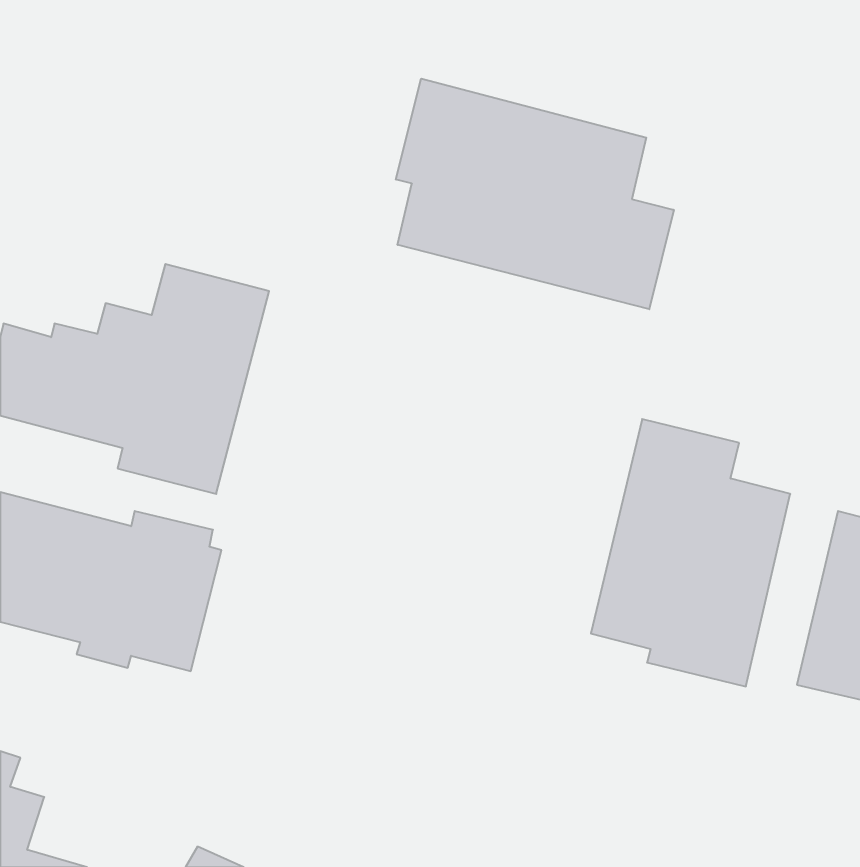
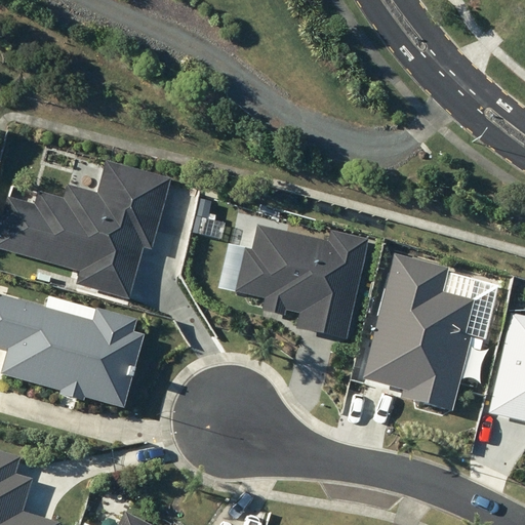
building: [396,79,674,309] -> none
building: none -> [232,227,370,341]

